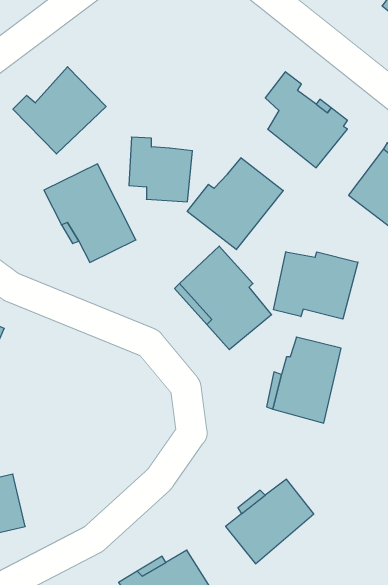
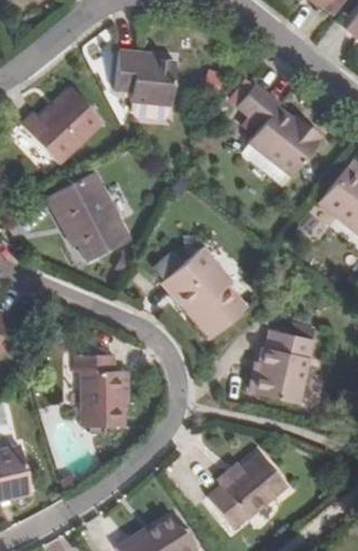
building: [129,137,192,202] -> [120,44,176,101]
building: [187,158,283,250] -> none
building: [274,252,358,319] -> none
building: none -> [73,353,124,423]

